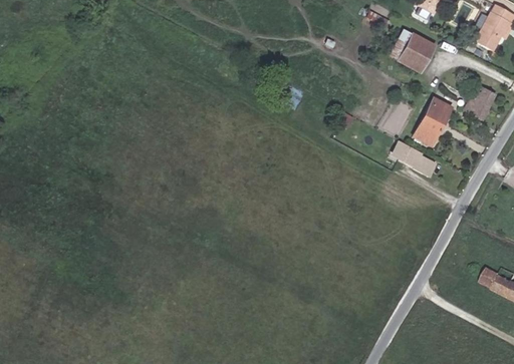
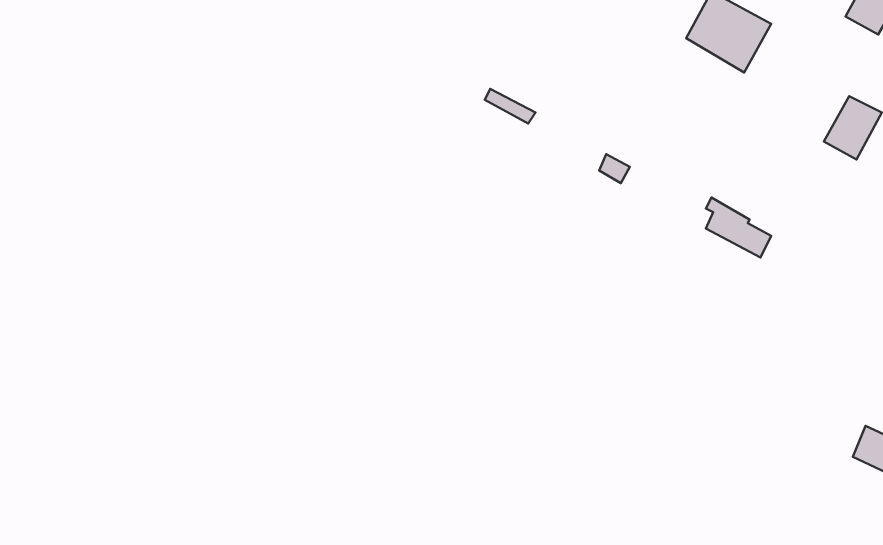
building: [413,97,452,145] -> none

